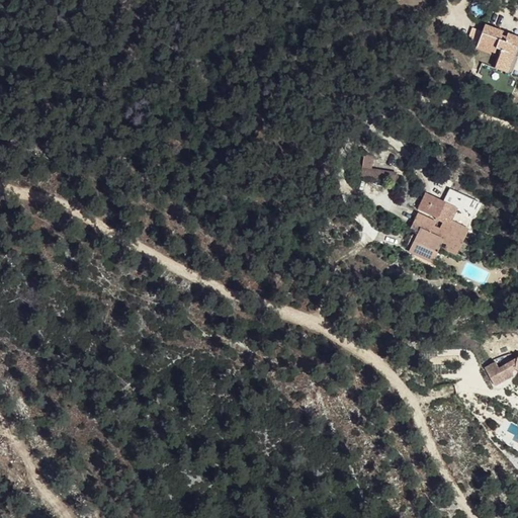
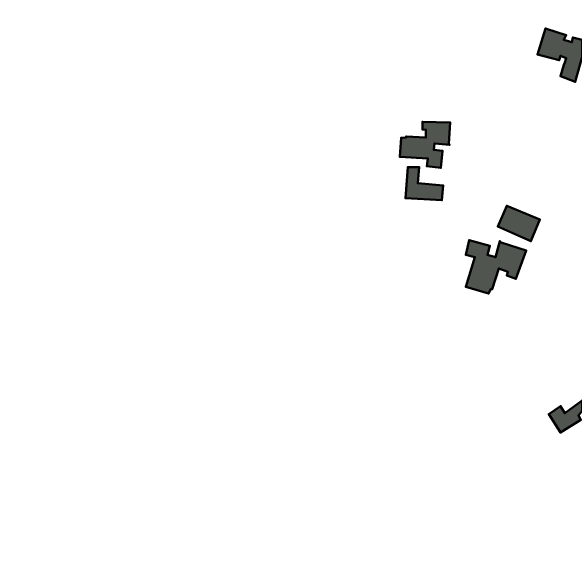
building: none -> [400,122,450,168]
building: [417,191,446,218] -> none

